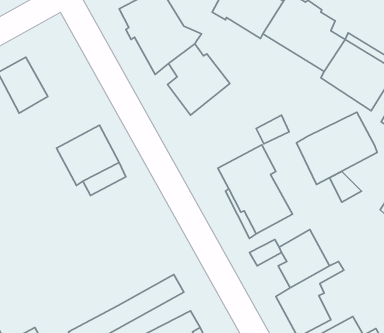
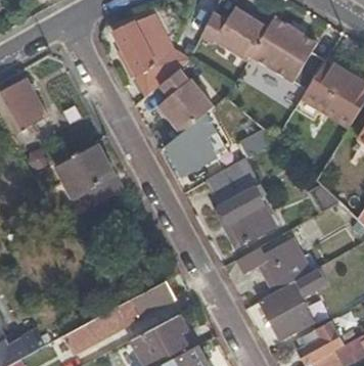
building: none -> [164,112,225,176]
building: [297,112,377,185] -> none

